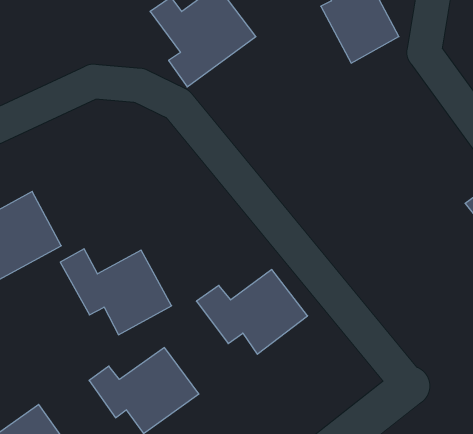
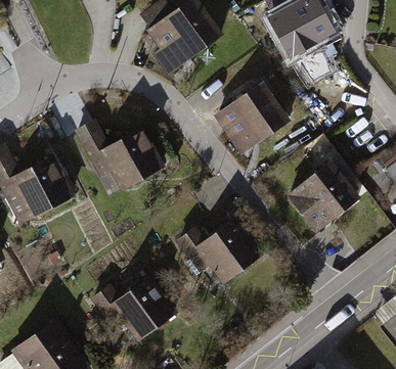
building: none -> [213,81,285,146]
building: none -> [284,157,359,233]
building: [60,249,172,335] -> [76,125,162,191]

